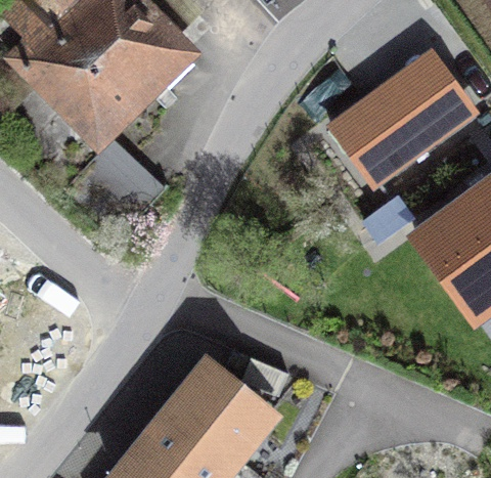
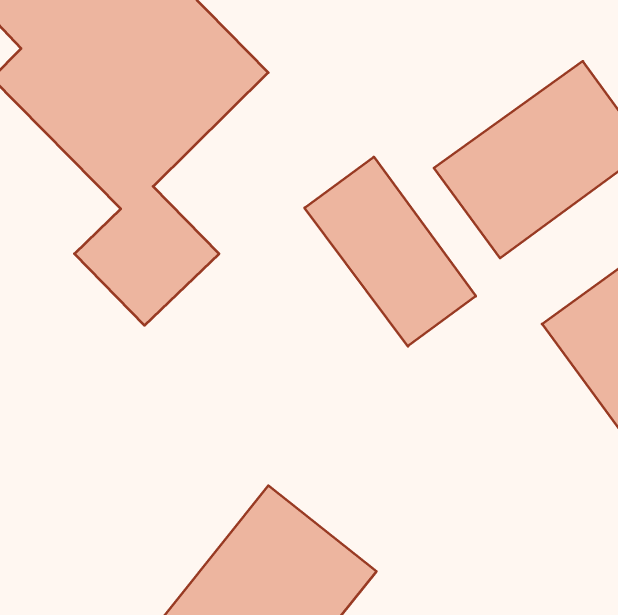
building: none -> [305,157,476,346]

